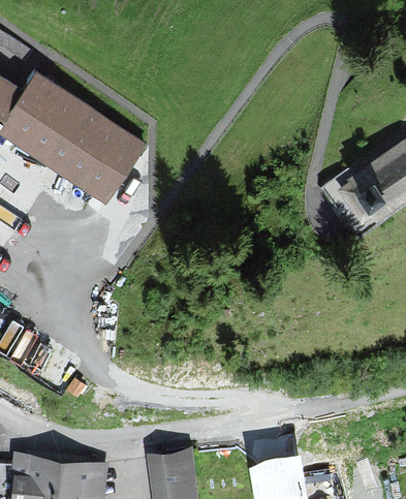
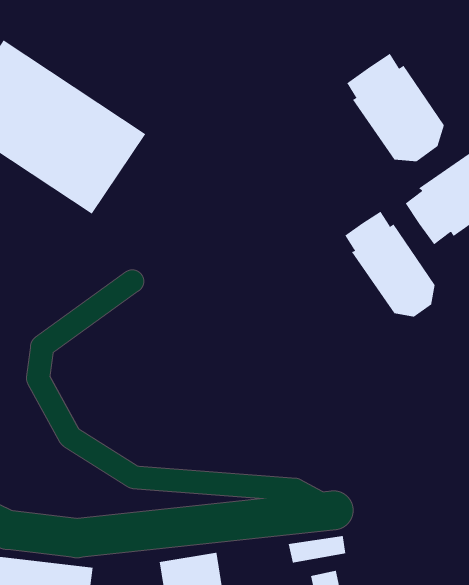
building: none -> [346,53,444,162]
building: none -> [345,211,435,318]

